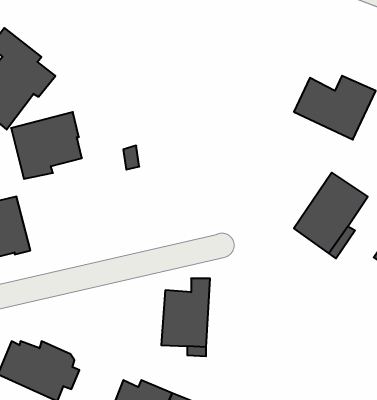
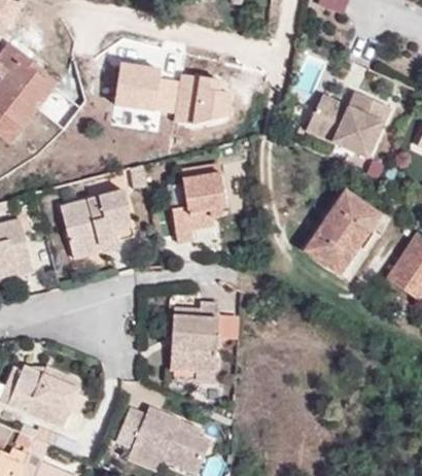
building: none -> [113,61,234,124]
building: [11,112,82,179] -> [59,189,132,258]
building: none -> [170,162,227,244]

